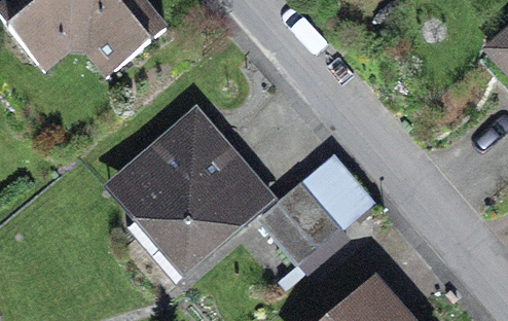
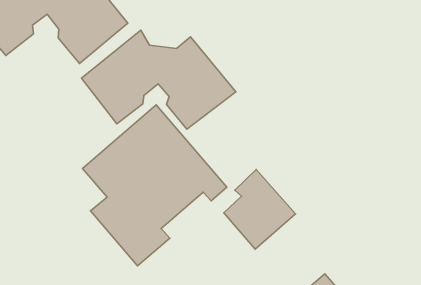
building: none -> [82,30,236,129]

